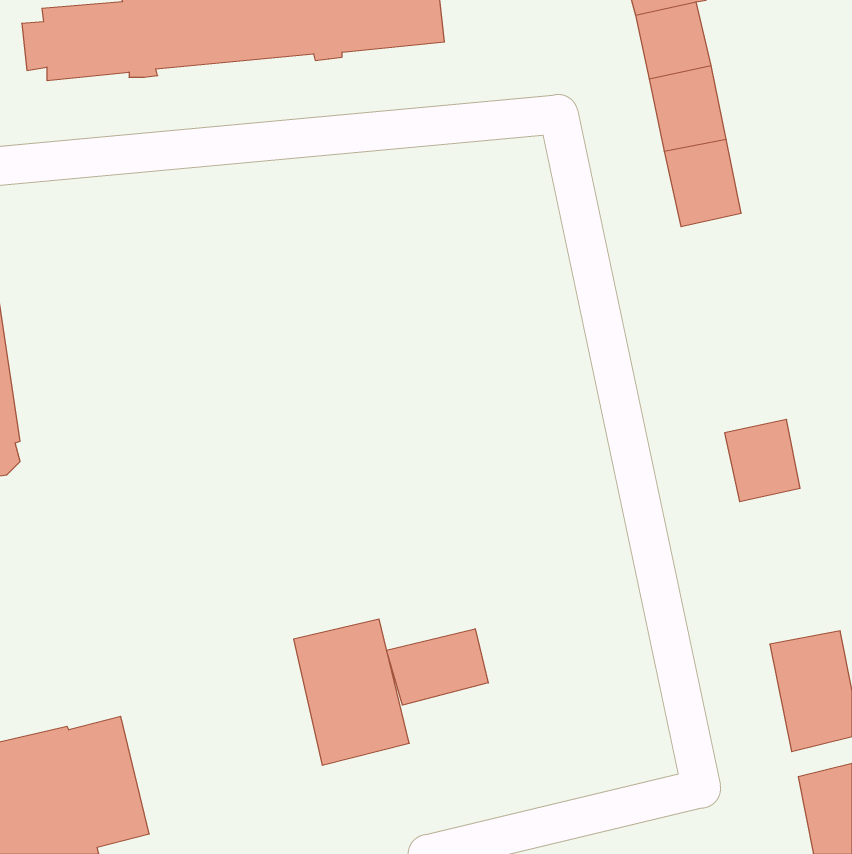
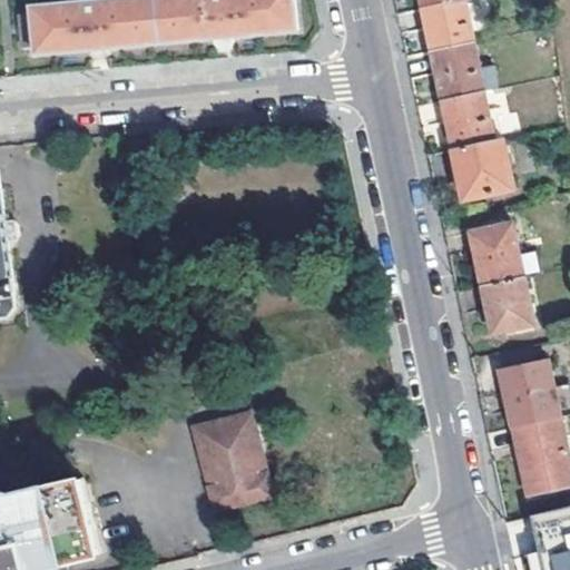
building: none -> [452,140,511,199]
building: none -> [470,224,522,287]
building: none -> [498,360,558,428]
building: [387,629,488,705] -> none

